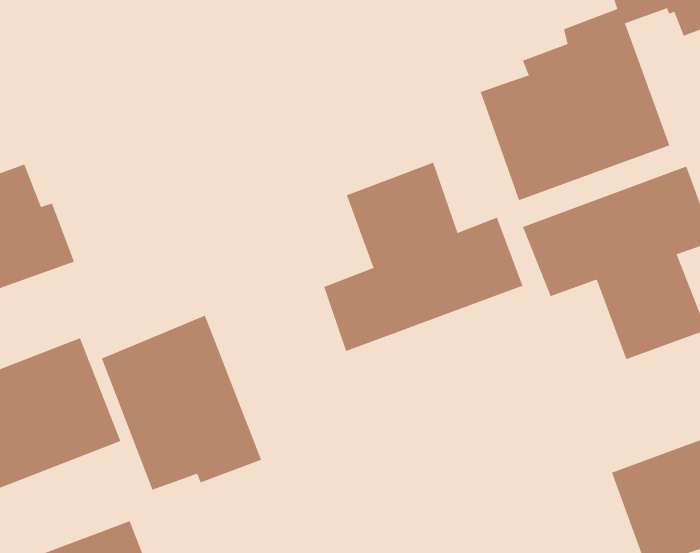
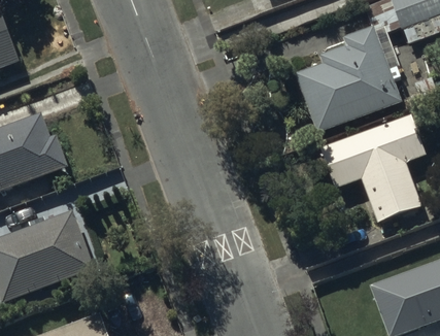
building: [324,162,523,352] -> none
building: [101,315,262,491] -> none

